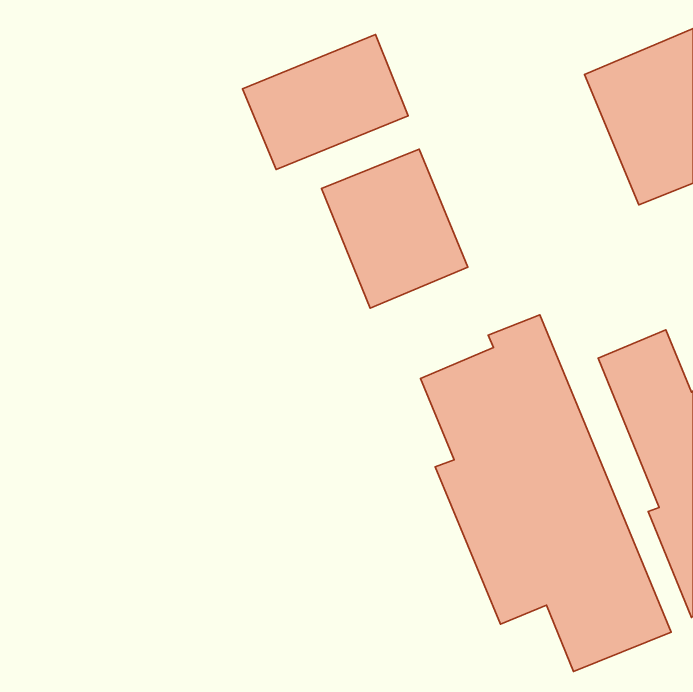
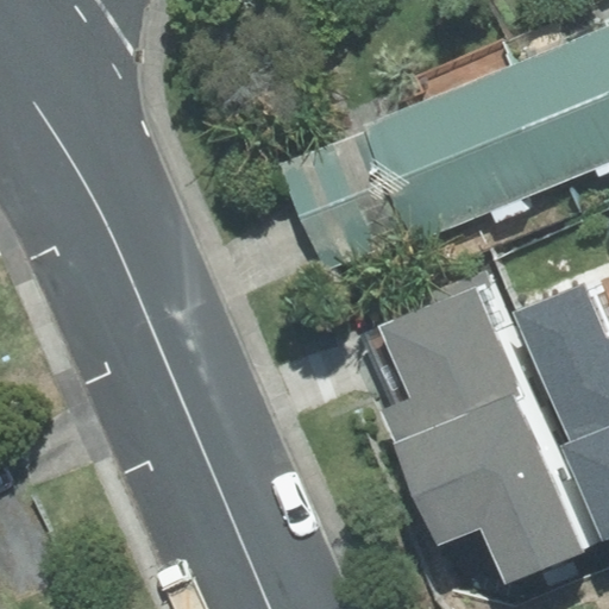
building: [243,35,408,169] -> none
building: none -> [365,49,560,240]

